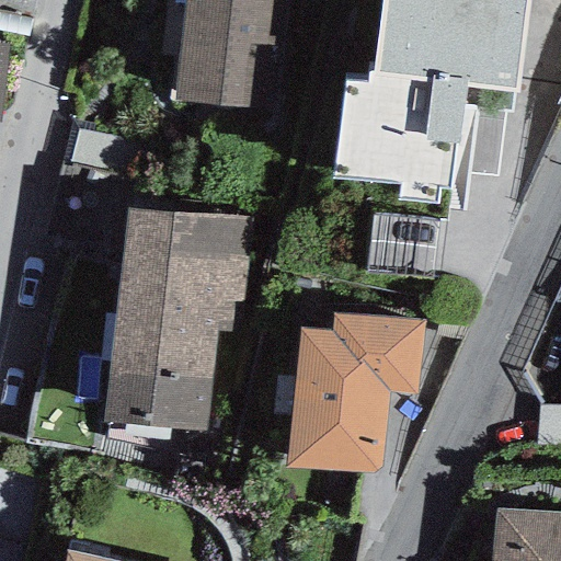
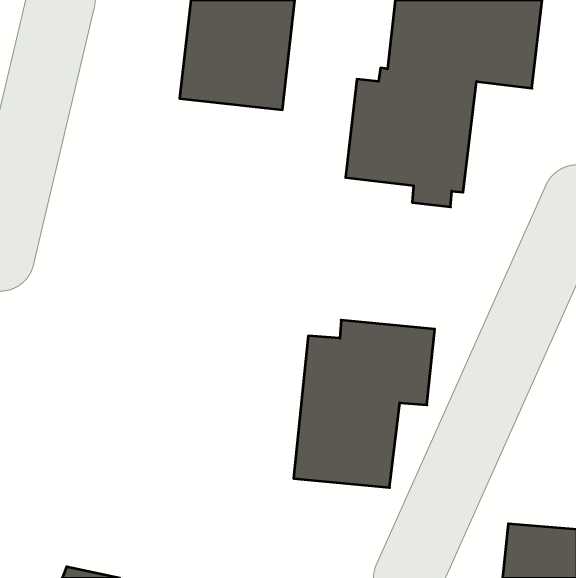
building: [104,205,251,427] -> none

